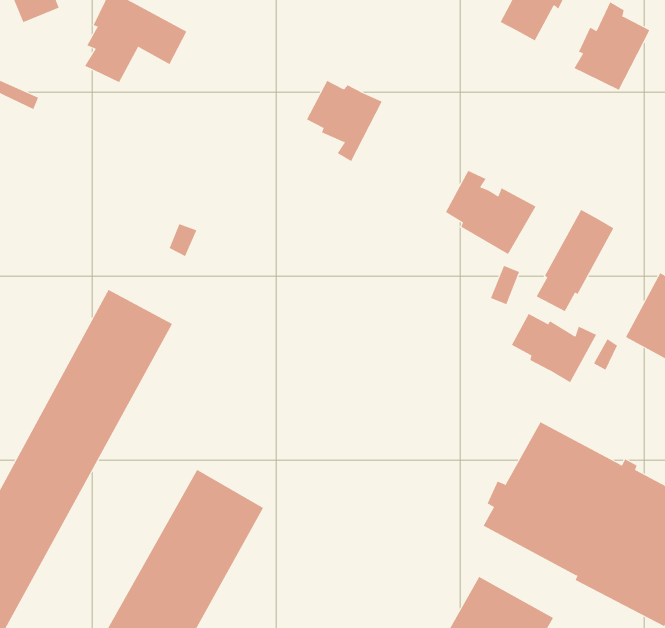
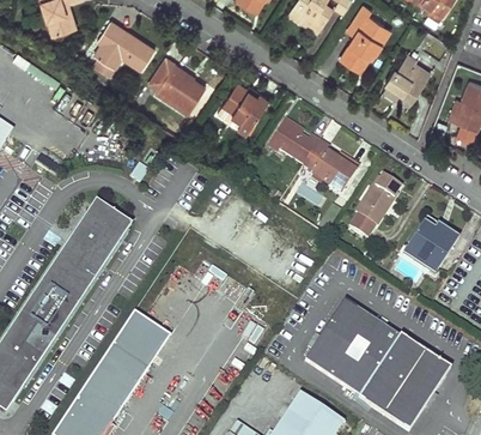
building: none -> [147,61,205,113]
building: none -> [264,125,315,170]
building: [511,313,597,383] -> none

